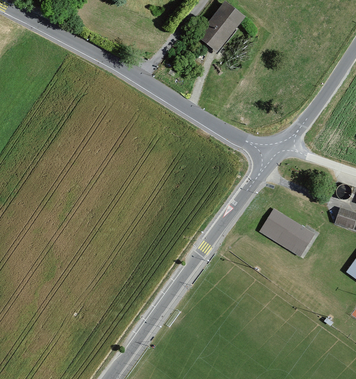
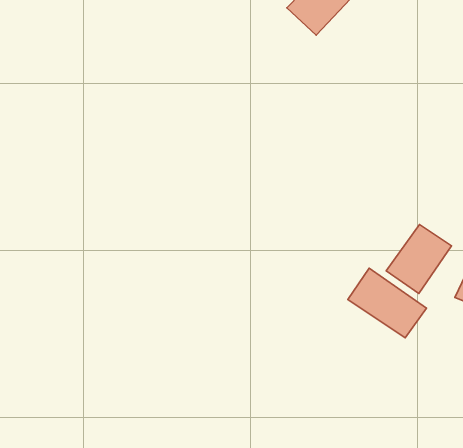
building: none -> [386,224,451,293]

